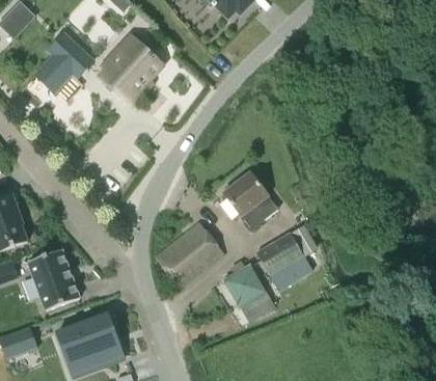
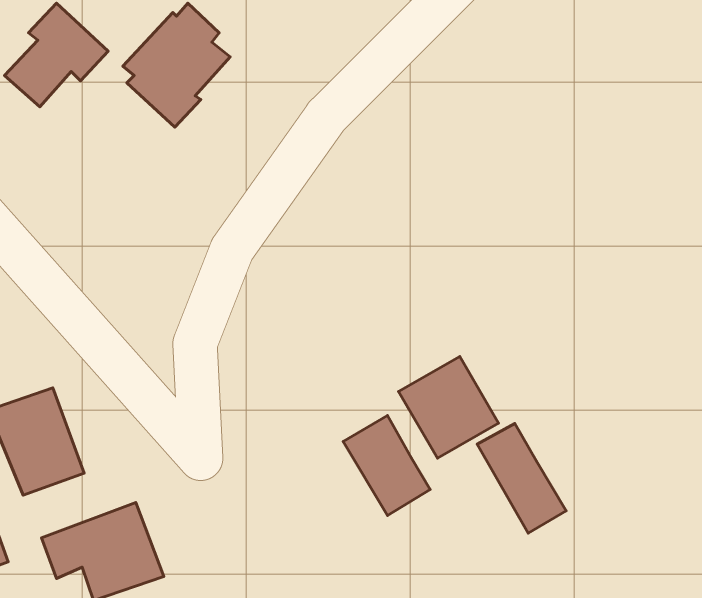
building: [222,171,277,227] -> none
building: [155,222,222,287] -> none
building: none -> [477,424,566,533]

